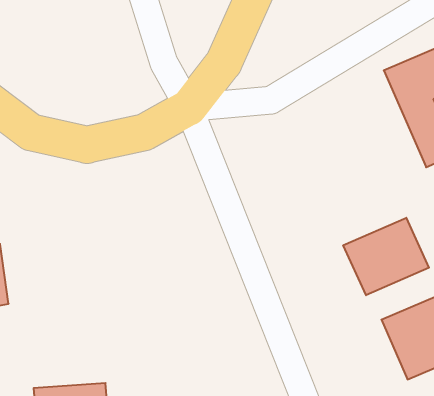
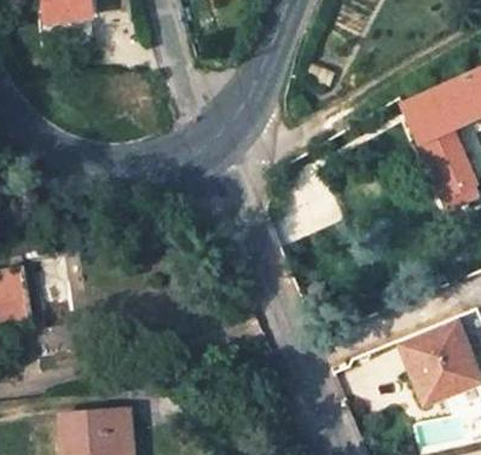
building: [343,218,429,295] -> none

